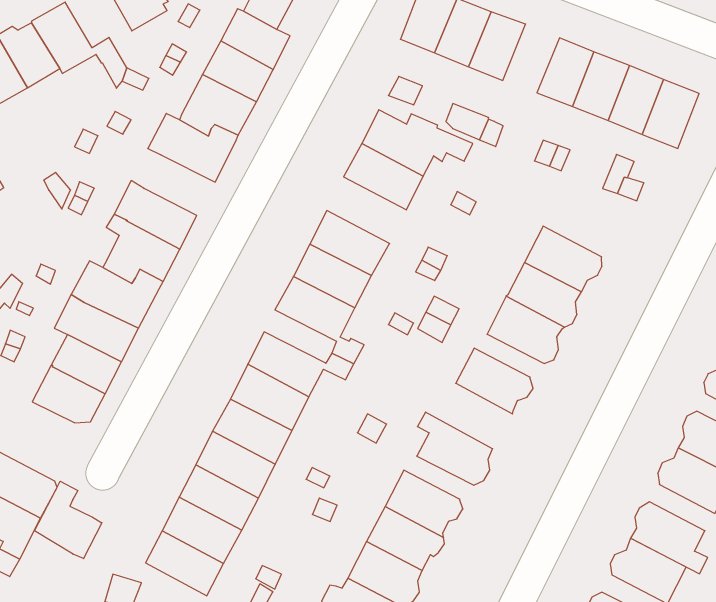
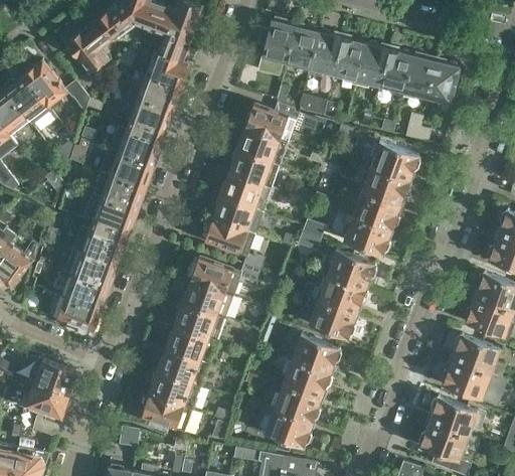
building: none -> [331,36,364,80]
building: none -> [109,151,154,187]
building: none -> [228,150,280,189]
building: none -> [369,140,419,180]
building: none -> [301,274,367,313]
building: [34,481,102,559] -> none

